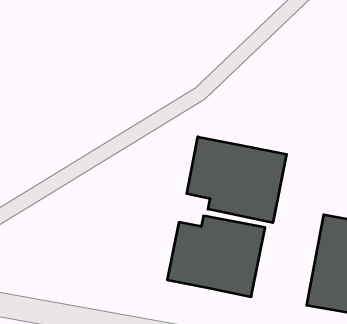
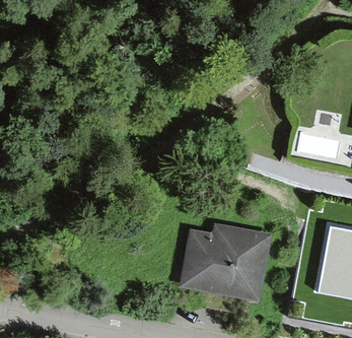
building: [187,137,287,223] -> none

